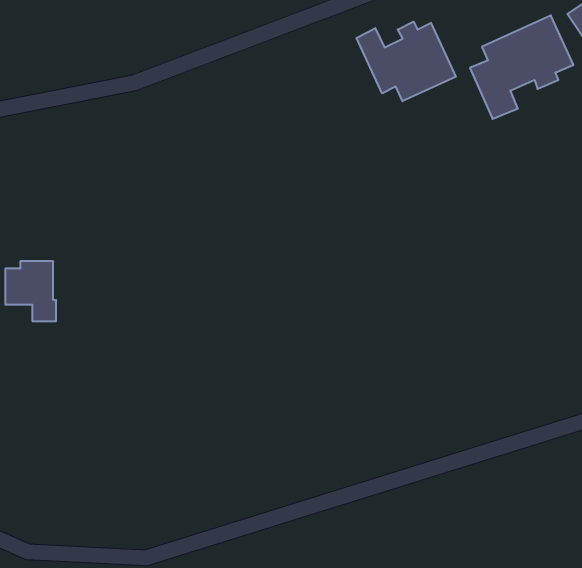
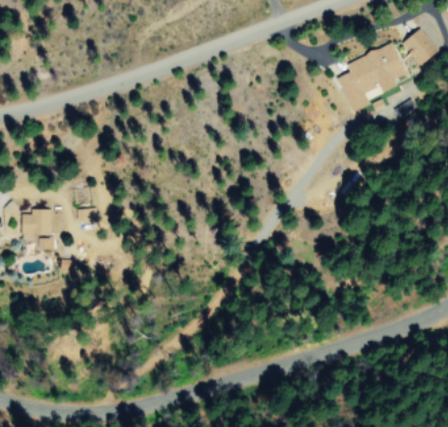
building: [356,22,456,101] -> none

